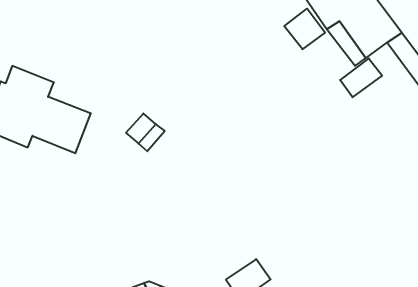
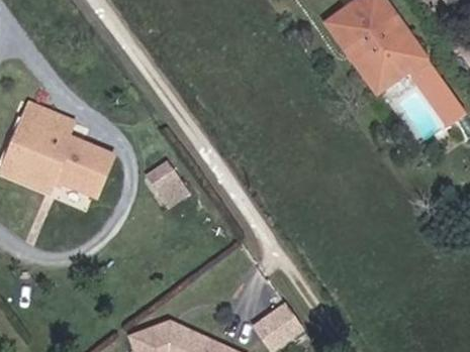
building: [284,9,325,49] -> none
building: [340,58,382,97] -> none

